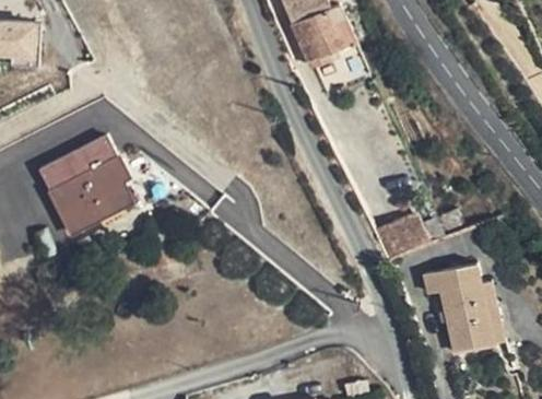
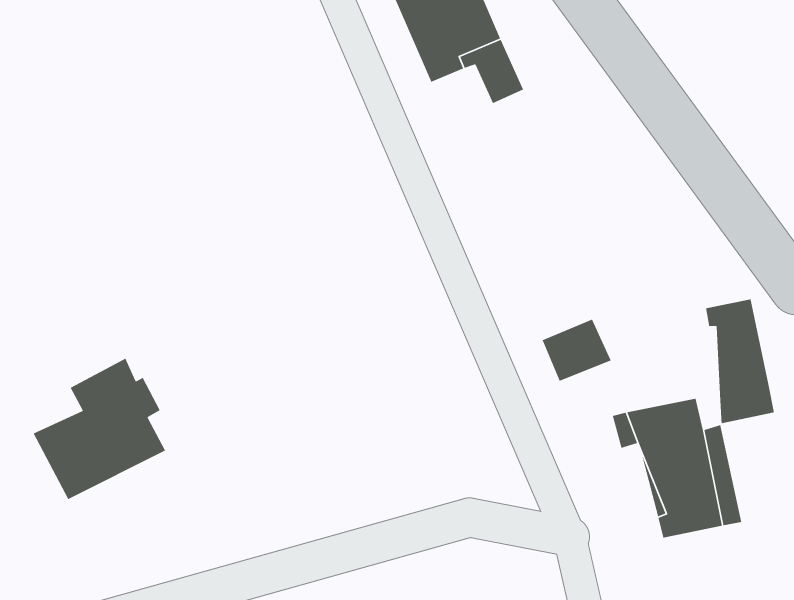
building: [48,145,131,234] -> [33,358,166,500]
building: none -> [705,298,775,424]

